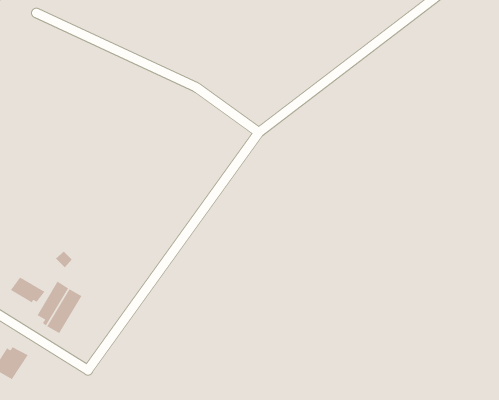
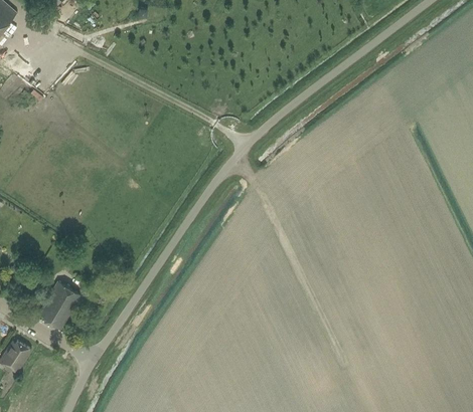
building: [10,276,45,303] -> none

